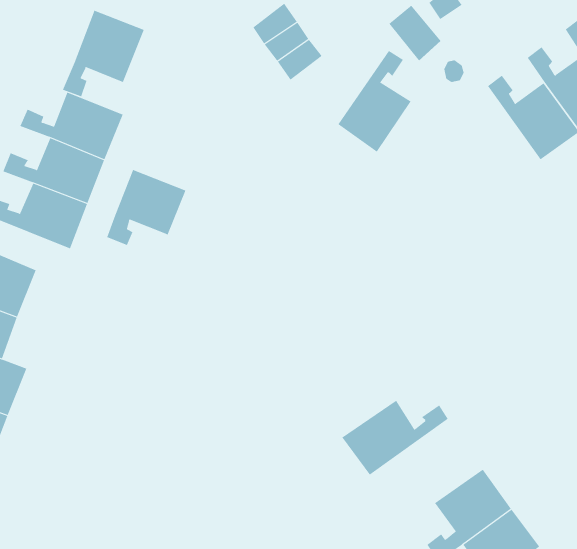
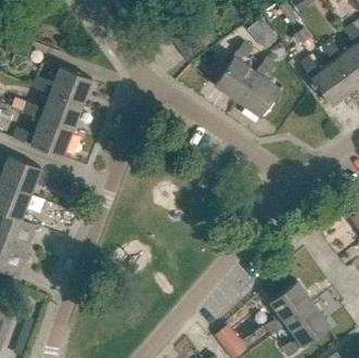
building: [62,10,145,97] -> none
building: none -> [236,57,279,116]
building: [107,169,186,246] -> none
building: [342,400,448,475] -> none

